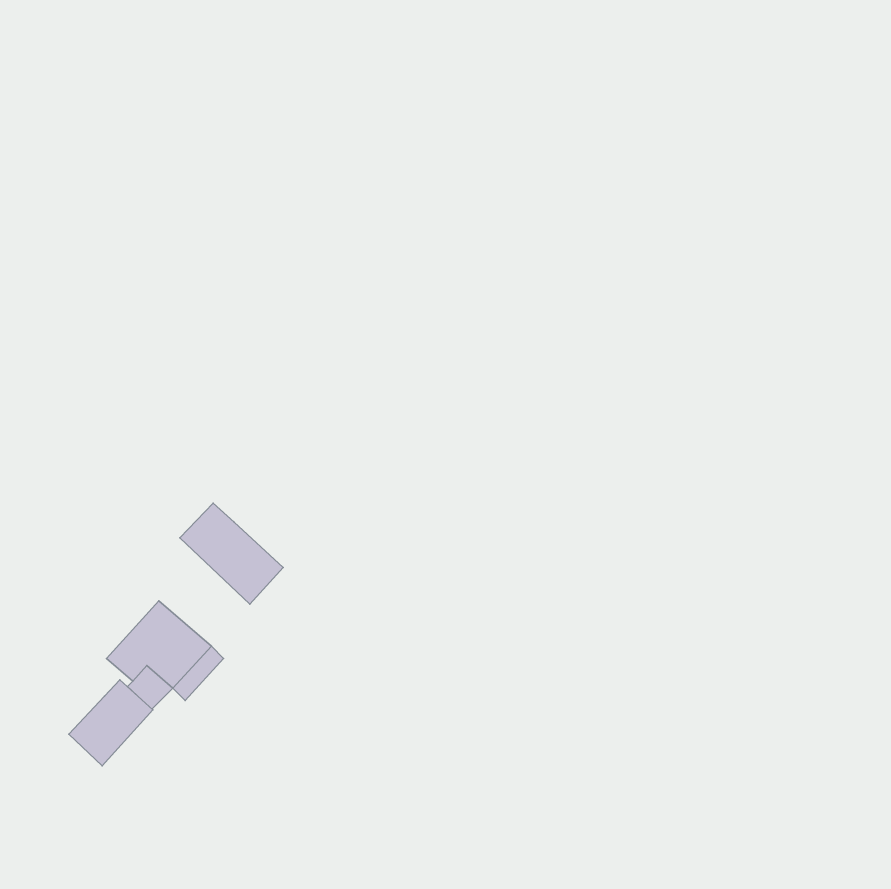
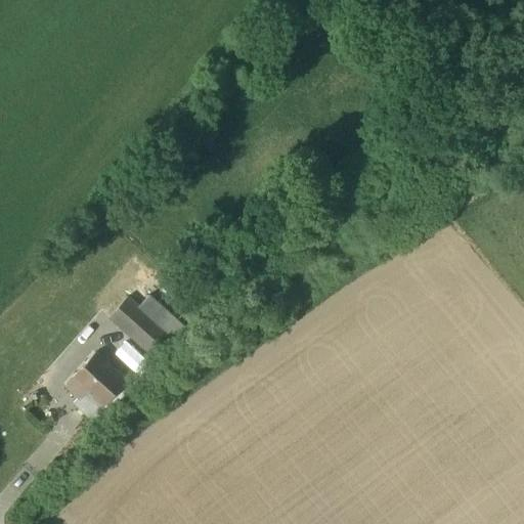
building: none -> [138,292,187,339]
building: [69,680,153,766] -> none

